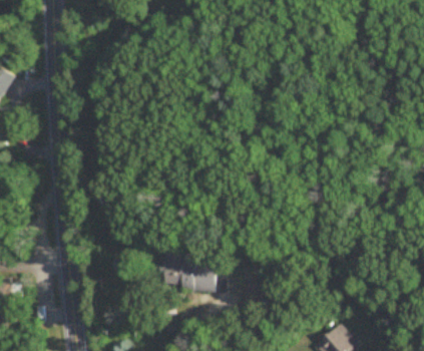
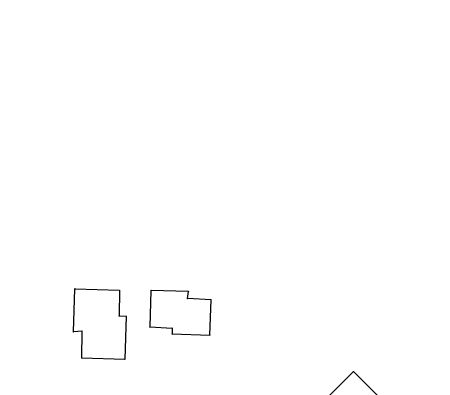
building: none -> [73,289,126,359]

